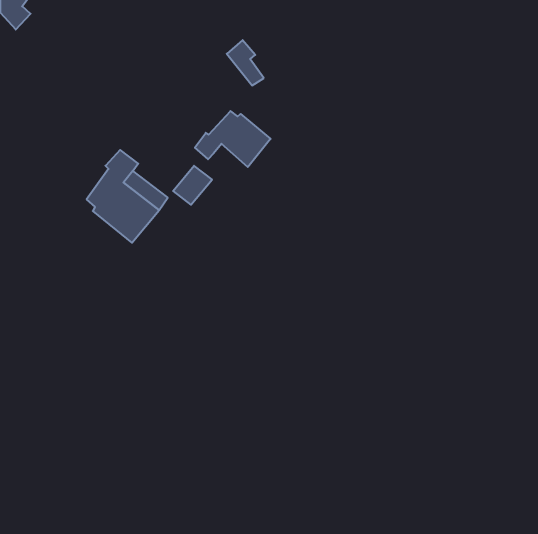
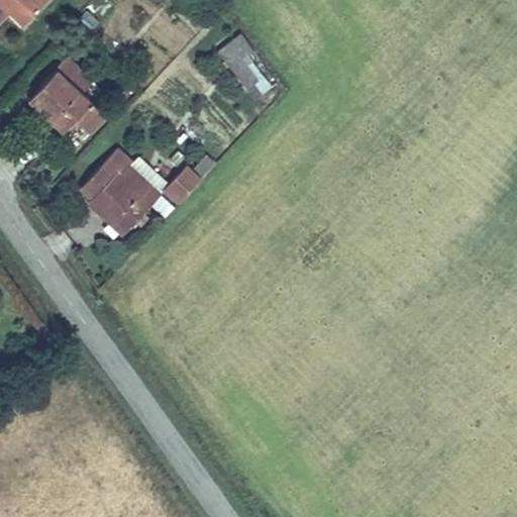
building: none -> [29,68,104,138]
building: [195,111,271,167] -> none

